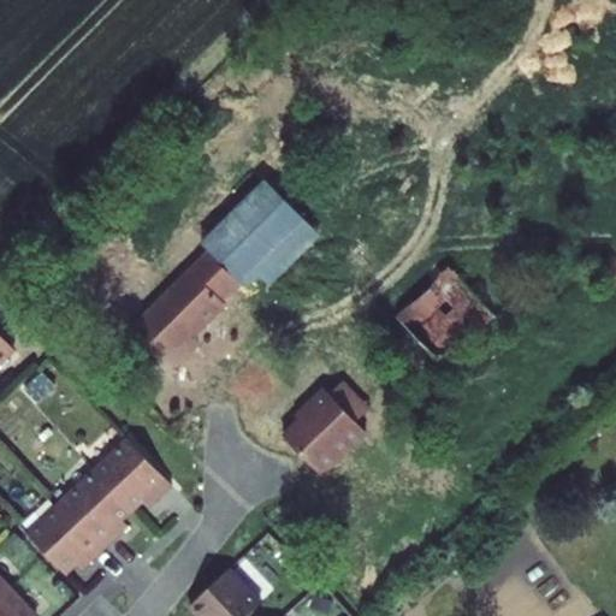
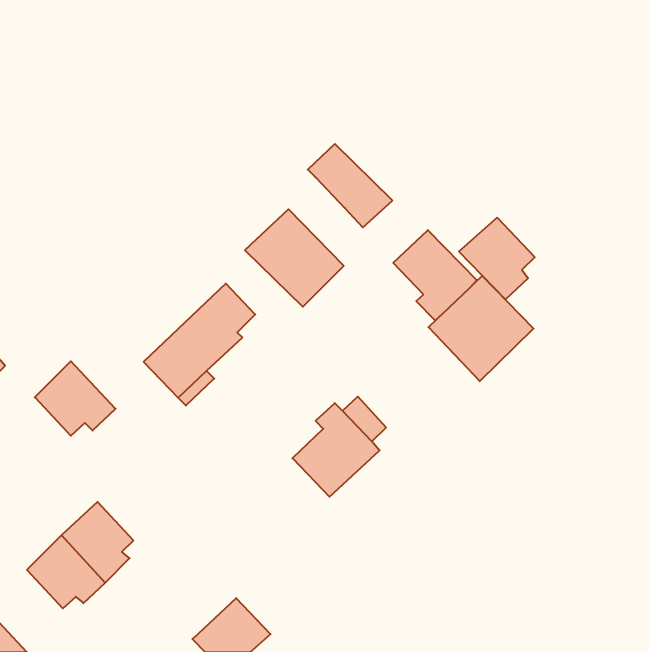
building: none -> [459,218,535,300]
building: none -> [393,230,477,321]
building: [205,235,284,313] -> [308,144,392,227]
building: [91,437,167,507] -> [35,361,116,436]

